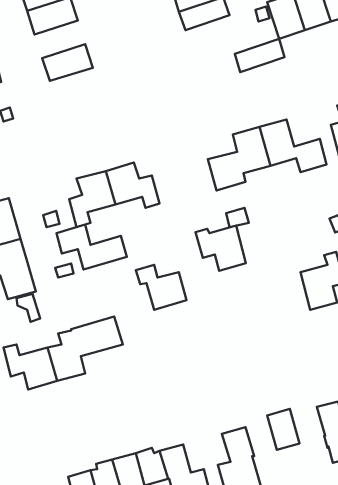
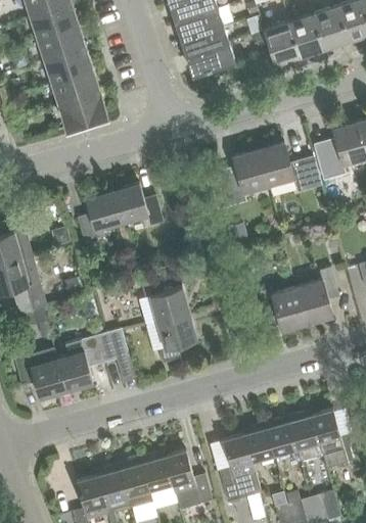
building: none -> [44,49,92,85]
building: [235,39,284,72] -> [187,44,234,76]
building: none -> [58,94,106,129]
building: [56,224,127,270] -> none
building: [195,226,246,271] -> [258,288,306,331]
building: none -> [157,315,196,364]
building: none -> [286,414,327,469]
building: none -> [244,424,274,463]

